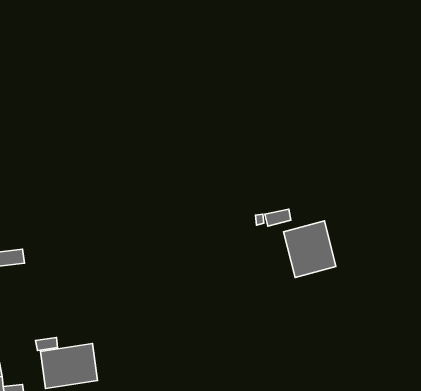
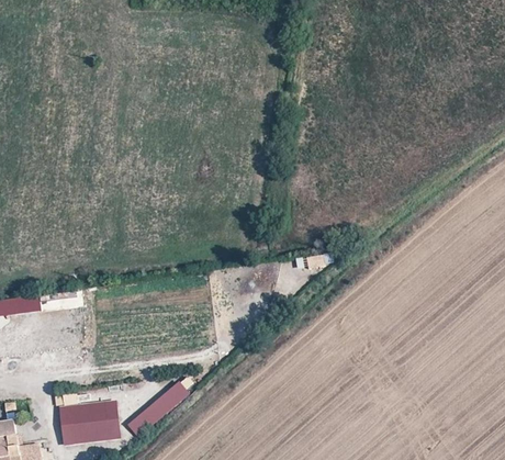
building: [284,221,336,277] -> none
building: none -> [126,381,190,438]

